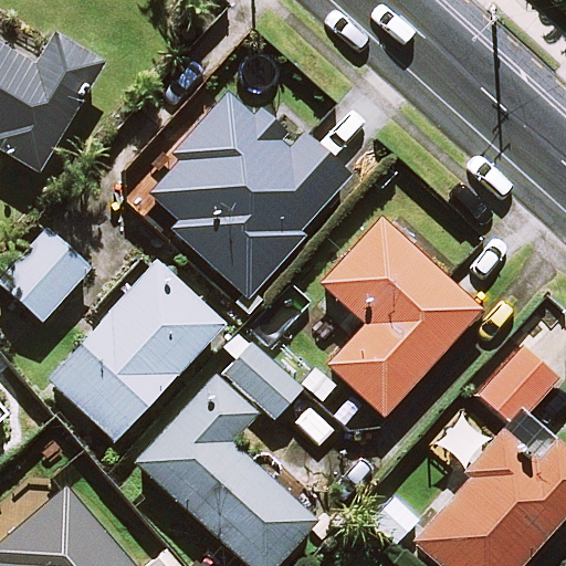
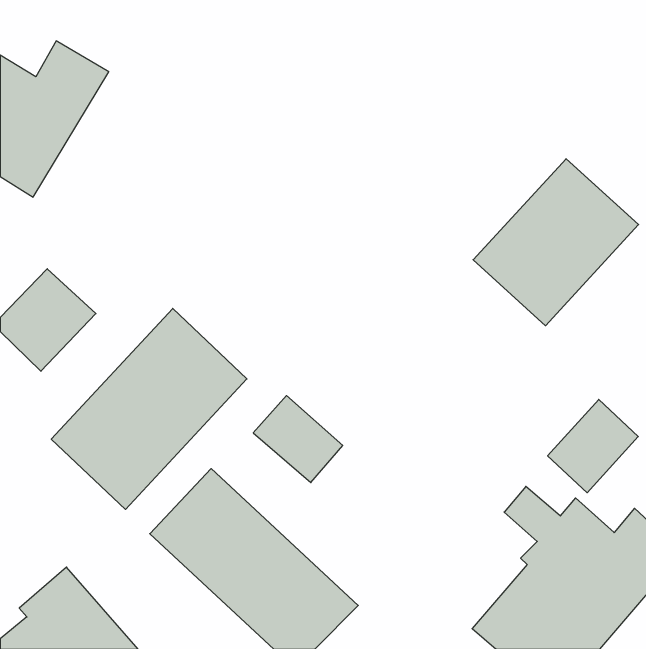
building: [147,97,352,295] -> none
building: none -> [473,159,639,326]
building: [322,220,480,416] -> none

